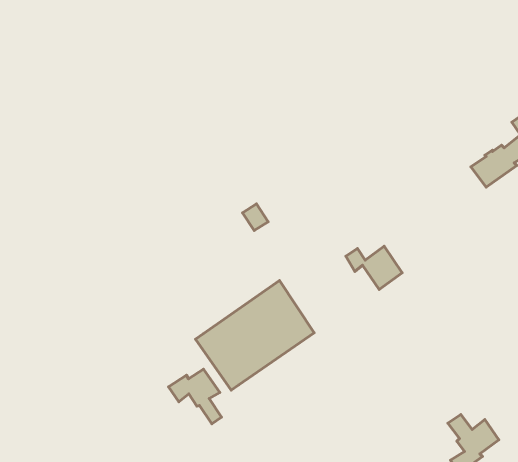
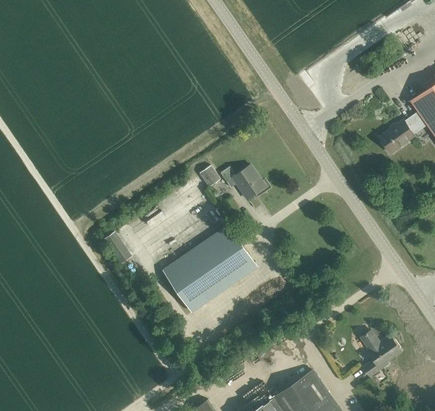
building: [346,246,402,289] -> [221,165,265,199]
building: [169,369,222,424] -> none

